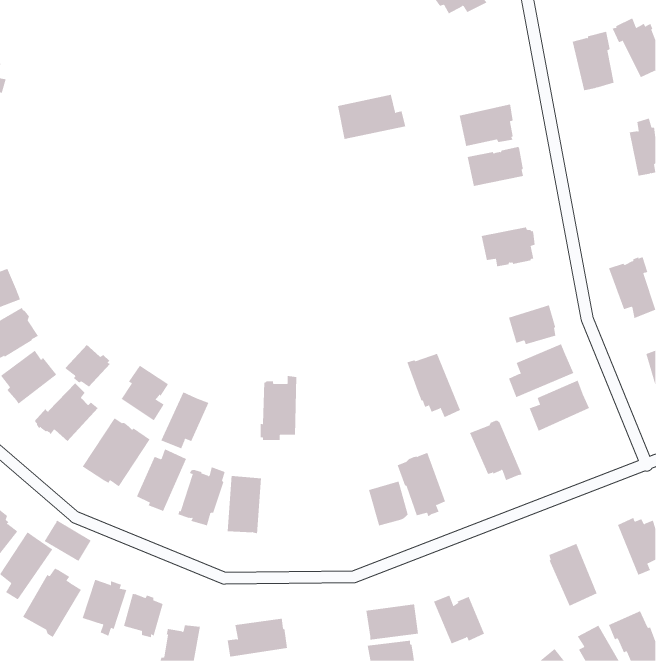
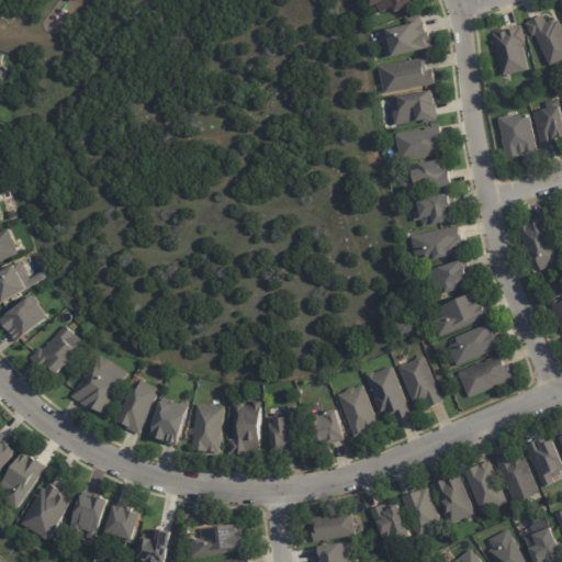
building: none -> [376,13,430,57]
building: [337,94,406,140] -> [376,56,435,94]
building: none -> [493,113,531,159]
building: none -> [401,158,451,194]
building: none -> [409,226,462,260]
building: [65,344,111,388] -> none
building: [407,353,461,418] -> [366,366,412,420]
building: [121,365,169,421] -> none
building: [260,376,297,440] -> [229,400,261,454]
building: [160,392,209,449] -> none
building: none -> [456,353,510,396]
building: none -> [268,405,299,453]
building: [44,520,91,562] -> none
building: none -> [492,451,537,504]
building: none -> [430,473,474,522]
building: none -> [401,486,440,538]

